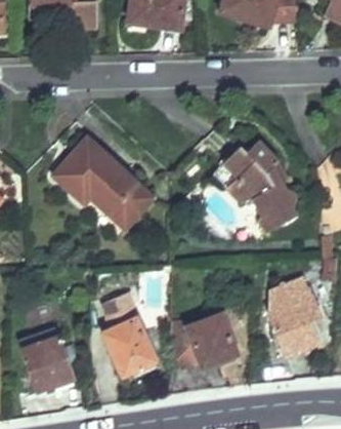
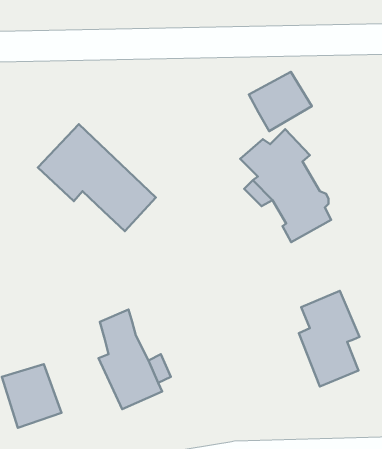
building: none -> [249,72,312,131]
building: [170,314,236,369] -> none

